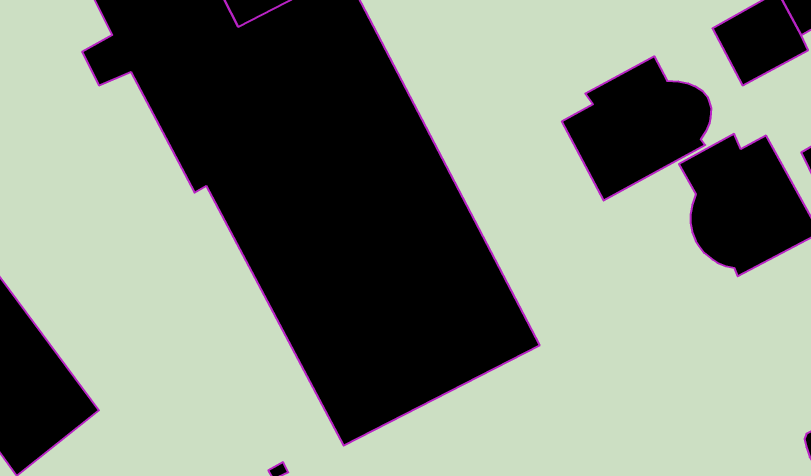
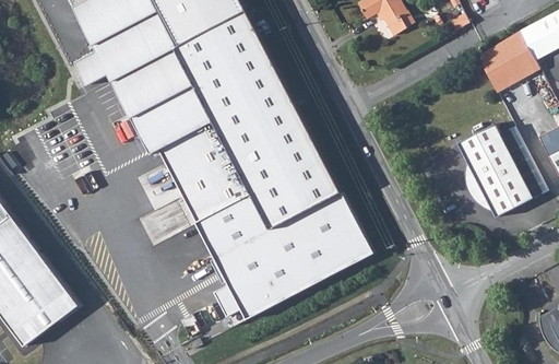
building: [562,56,711,201] -> none

